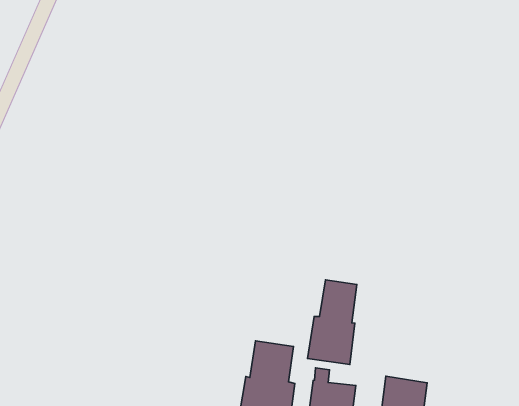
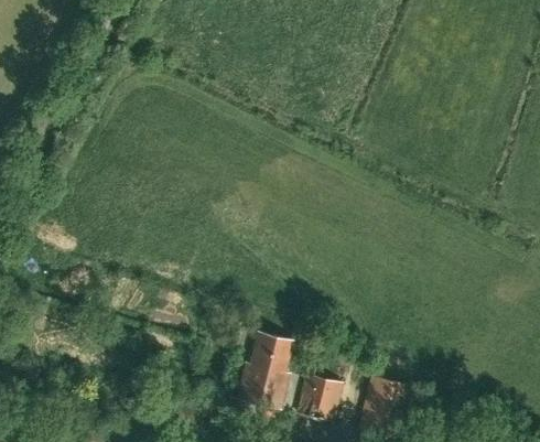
building: [308,280,357,364] -> none

